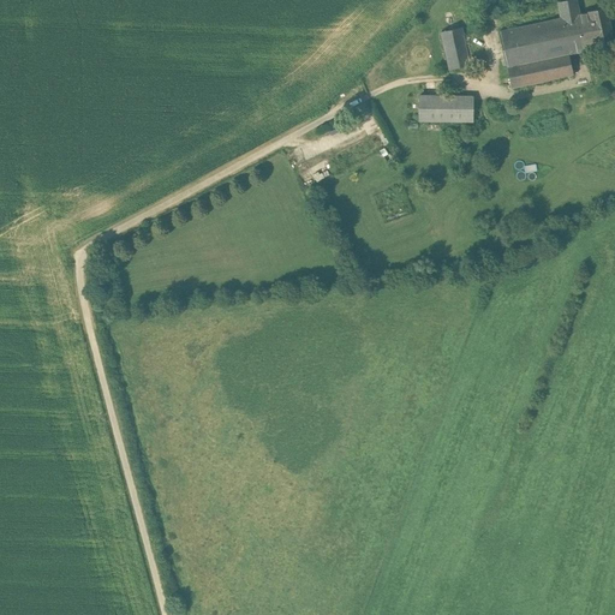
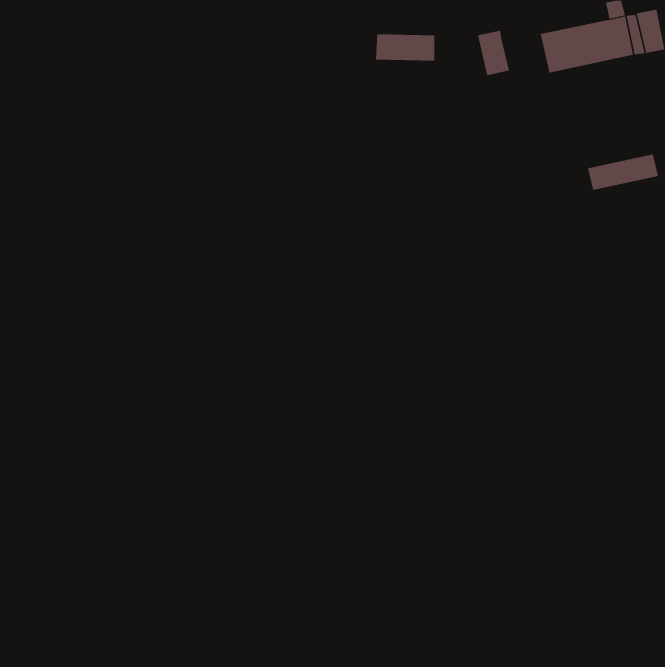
building: [506,54,572,88] -> [587,154,659,190]
building: [417,96,472,121] -> [375,34,435,61]

